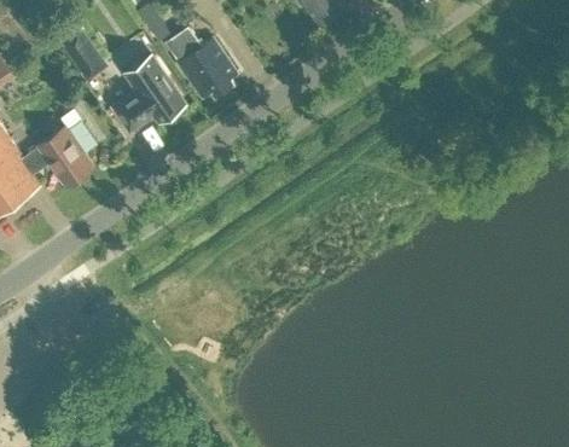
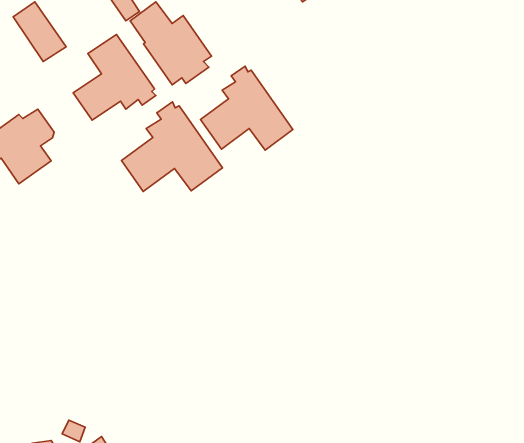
building: none -> [201,66,293,150]
building: none -> [121,102,222,192]

